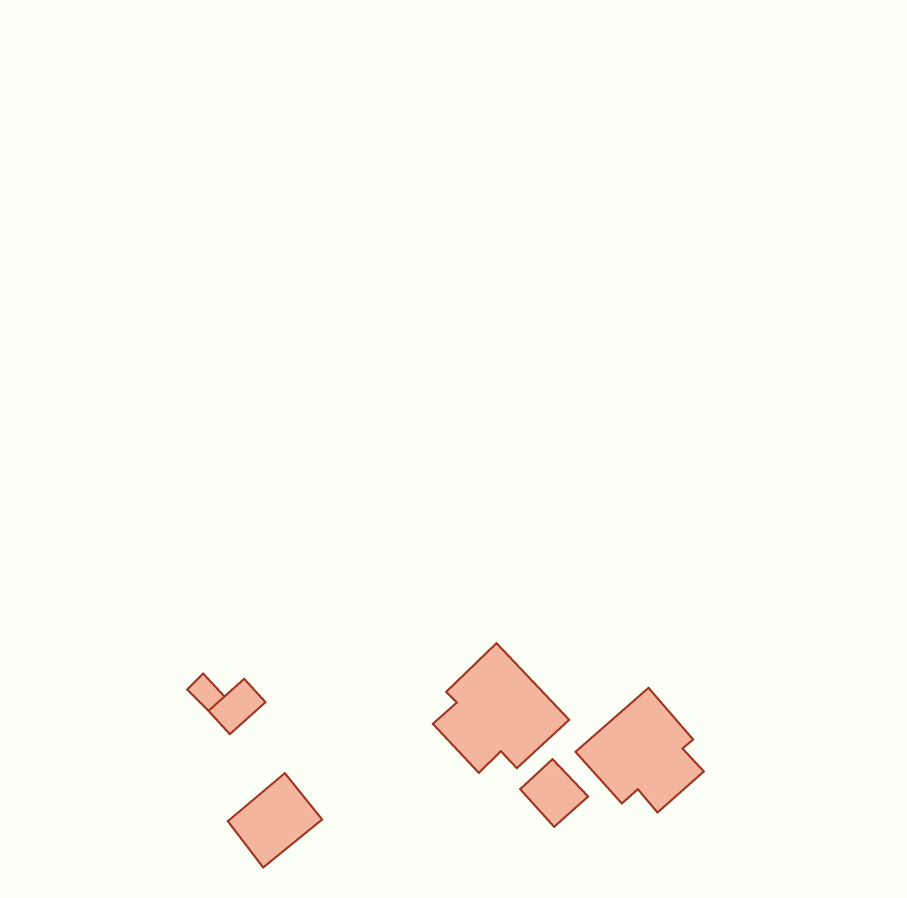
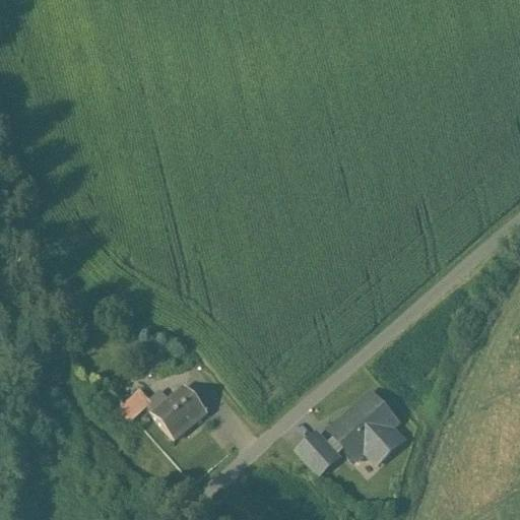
building: [433,643,569,773] -> none
building: [228,773,322,868] -> [153,384,207,438]

